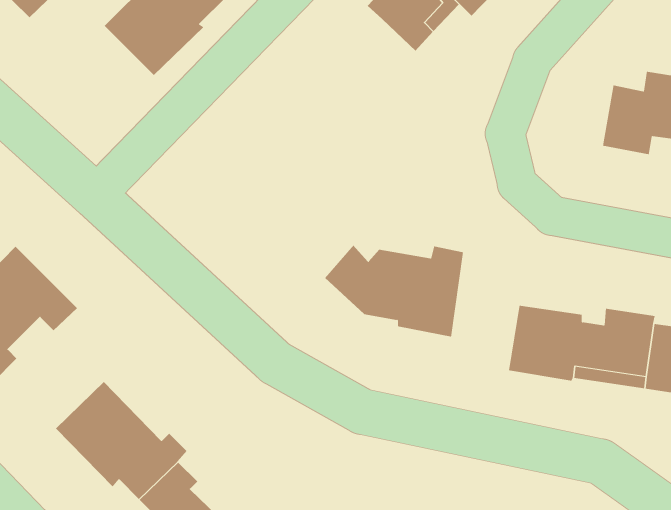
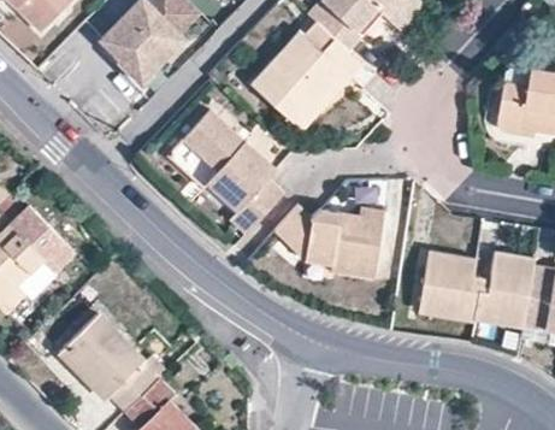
building: none -> [256,29,360,125]
building: none -> [176,108,277,229]

